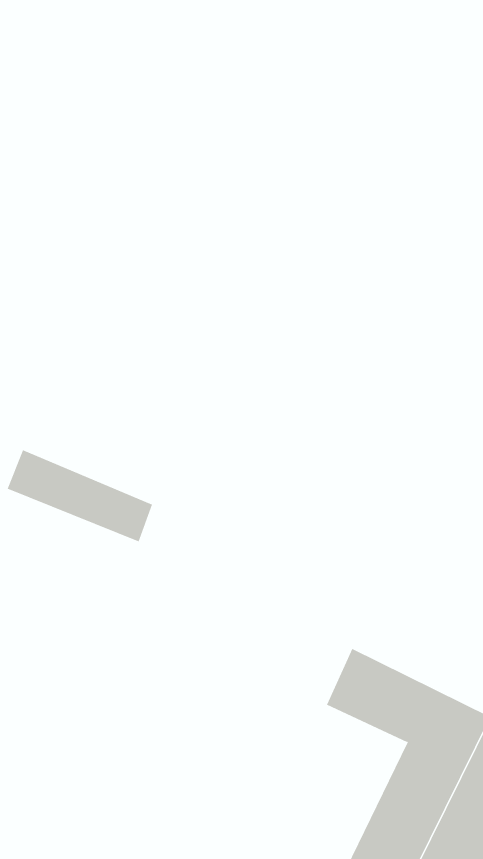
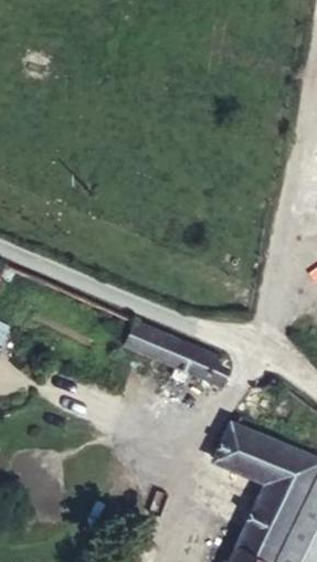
building: [7,450,153,542] -> [126,321,220,381]

